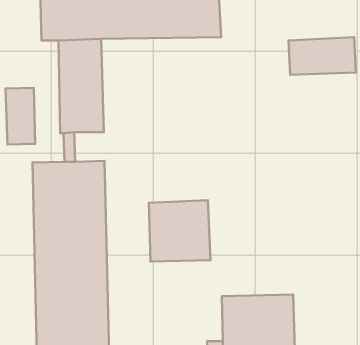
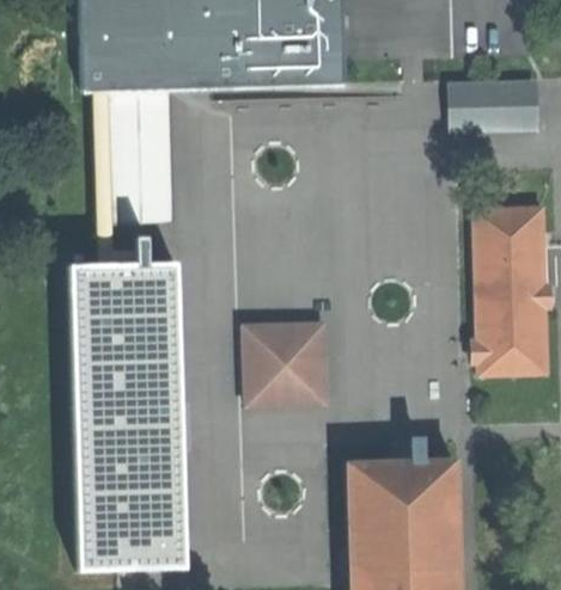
building: [6,88,35,145] -> none
building: none -> [472,205,545,371]

